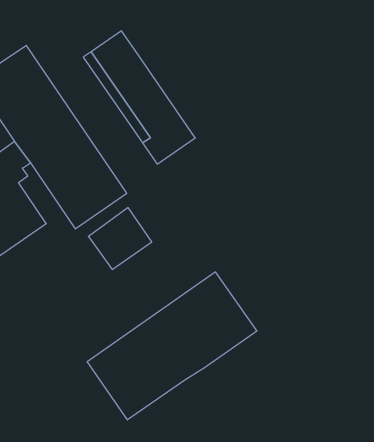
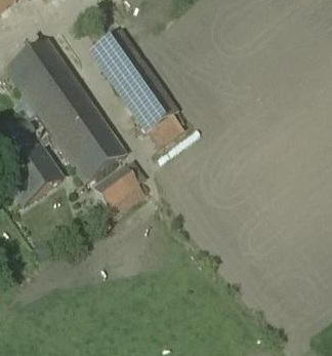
building: [87,272,257,420] -> none

